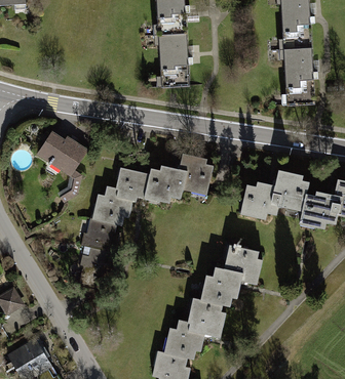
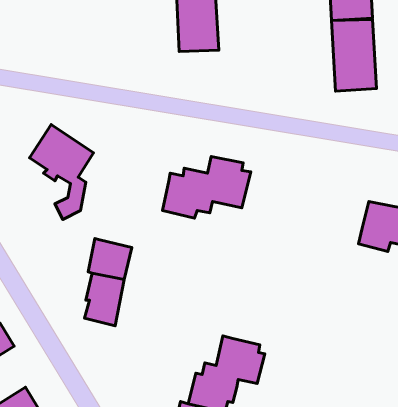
building: [93,167,149,226] -> none
building: [241,170,310,220] -> none
building: [200,242,263,306] -> none

